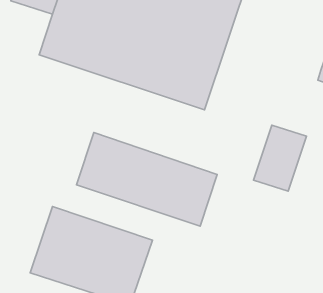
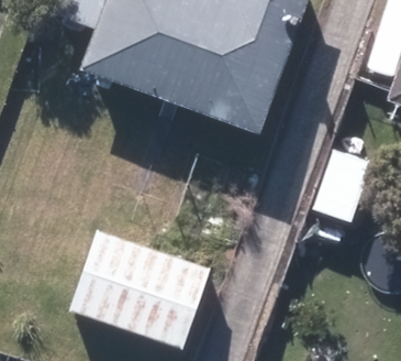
building: [76,132,217,226] -> none

